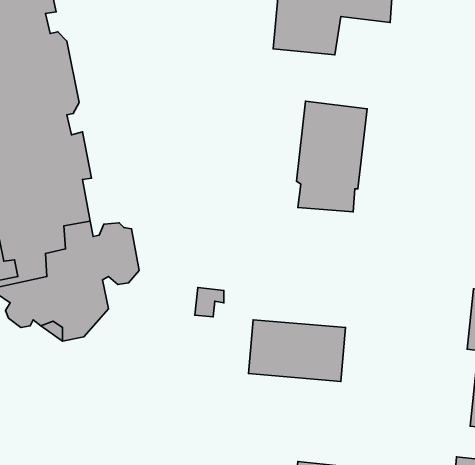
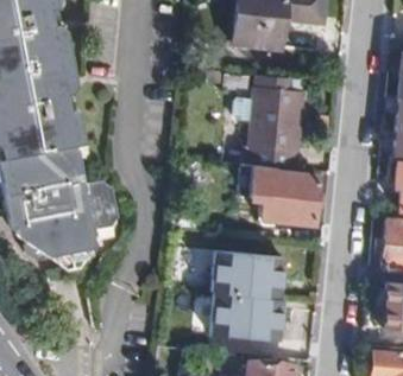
building: none -> [259,168,319,222]
building: none -> [208,292,282,339]

